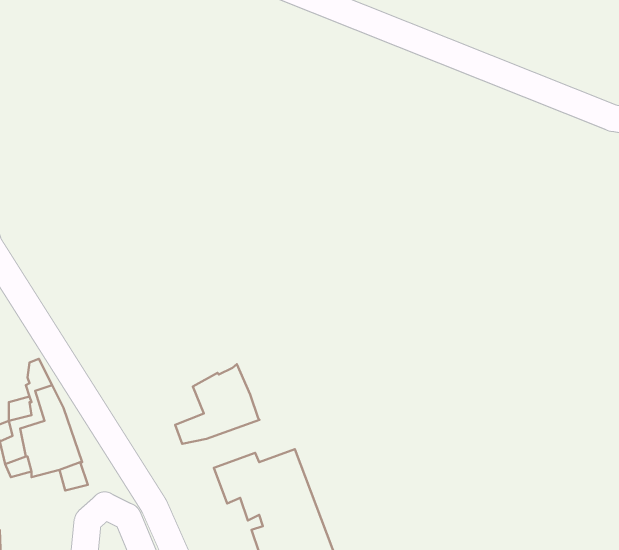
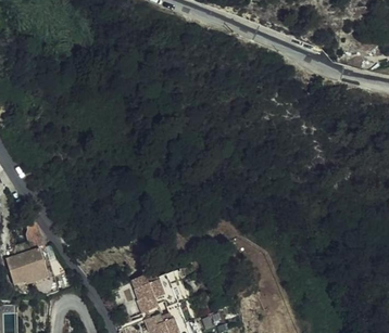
building: [175,364,260,444] -> none

